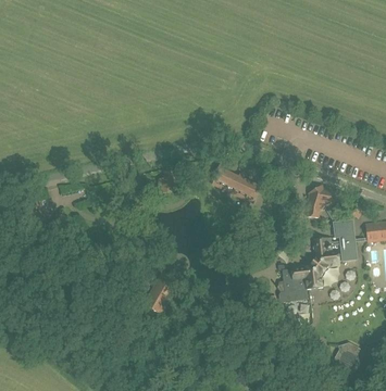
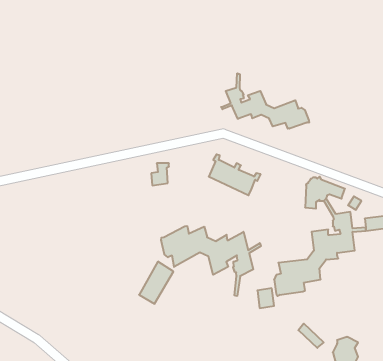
building: none -> [221,73,309,129]
building: none -> [161,226,261,296]

